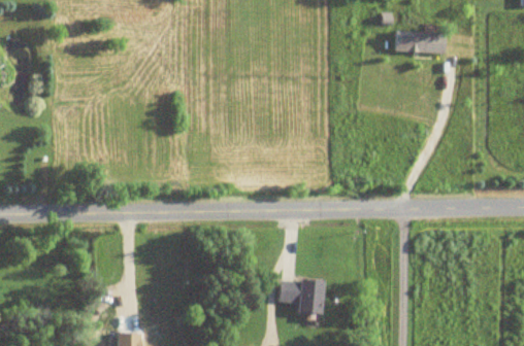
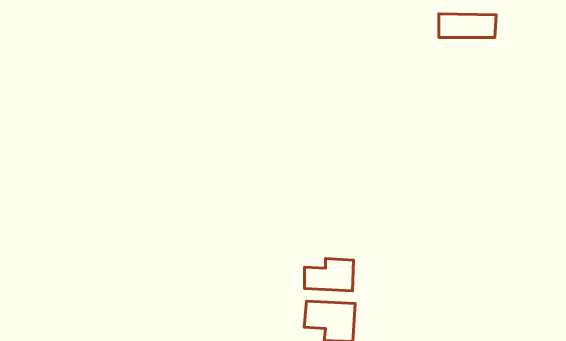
building: none -> [305,259,353,291]

